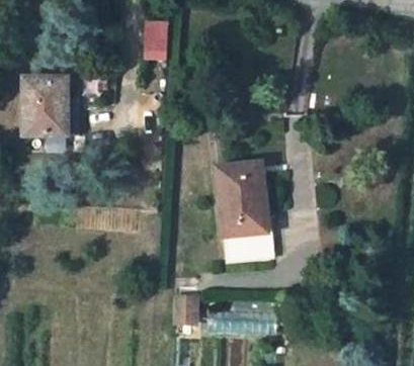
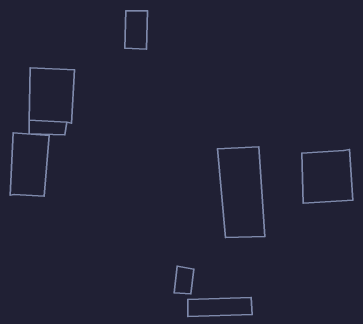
building: none -> [10,133,49,196]
building: none -> [302,149,353,203]

